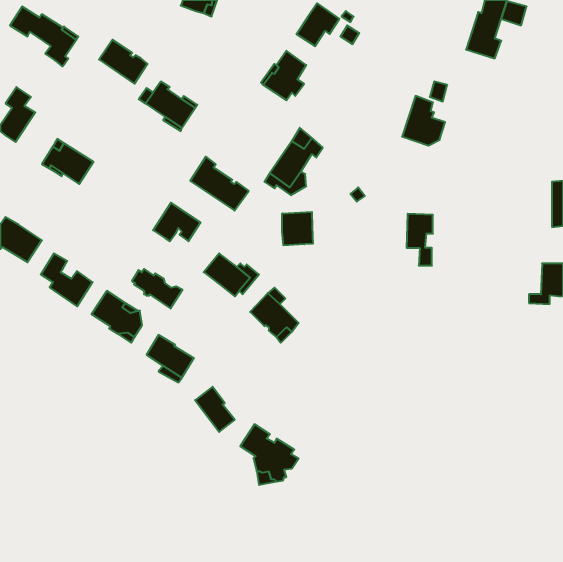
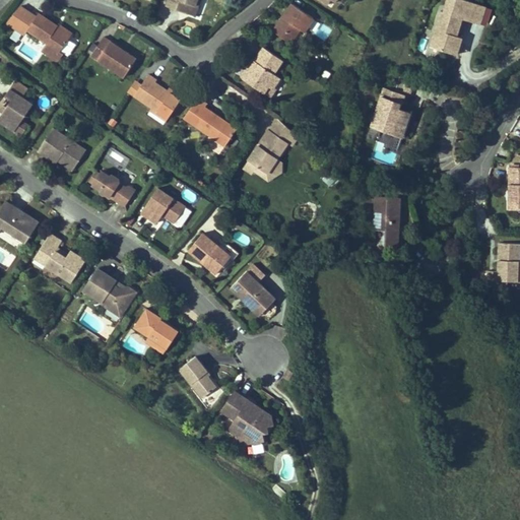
building: [190,157,249,211] -> [184,98,238,147]
building: [282,212,313,245] -> none
building: [132,269,183,309] -> [89,171,136,207]

